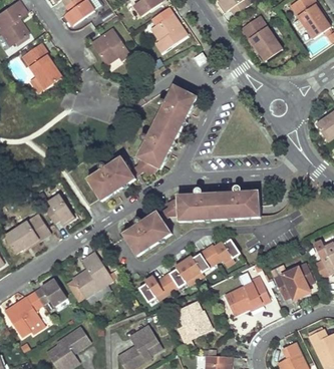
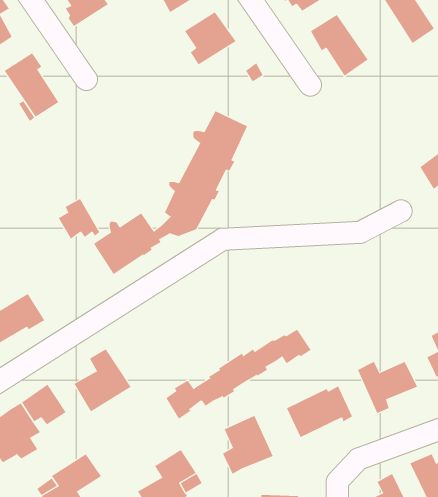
building: [92,28,131,63] -> none
building: [121,186,259,256] -> none
building: [45,195,75,224] -> [58,198,100,239]

